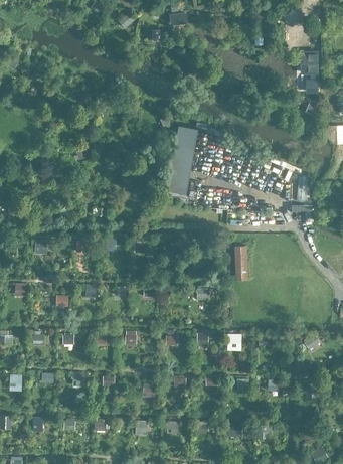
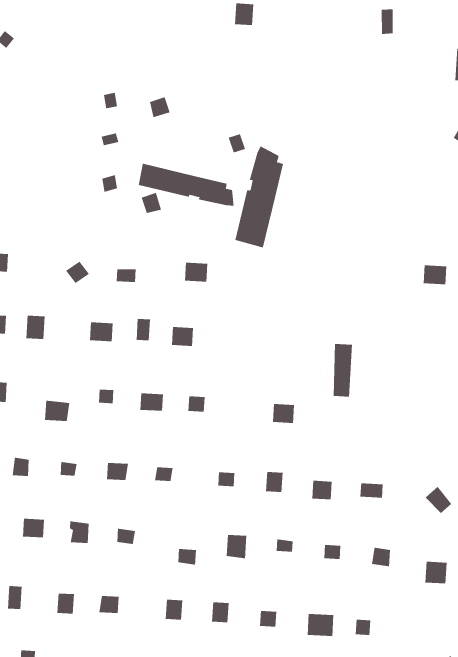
building: none -> [138,163,234,207]

